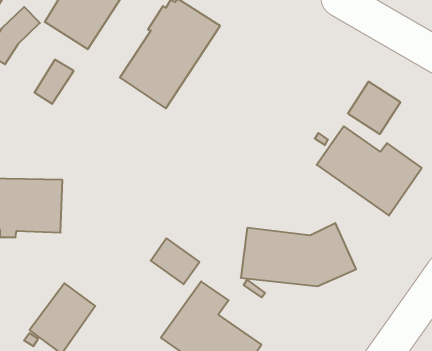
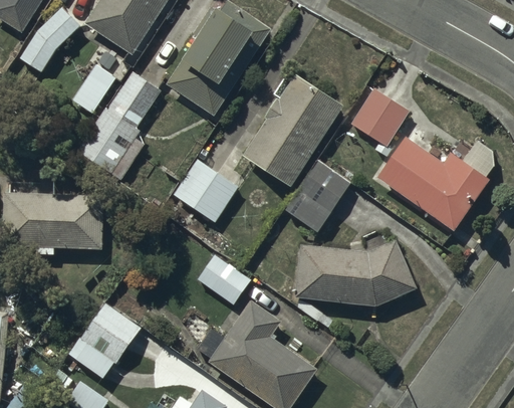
building: none -> [77,70,162,176]
building: none -> [243,75,342,186]
building: [348,82,400,134] -> [351,89,408,146]
building: none -> [174,160,238,221]
building: none -> [285,161,349,231]

